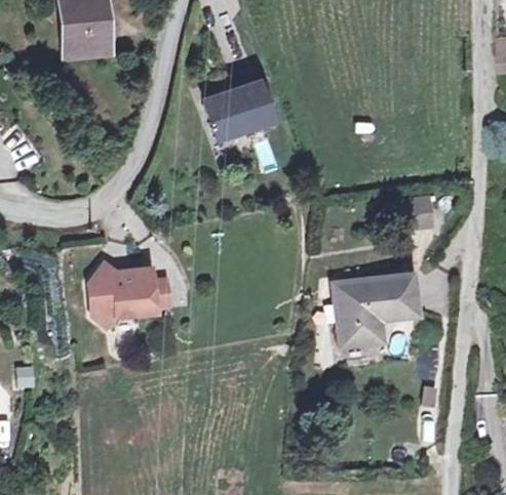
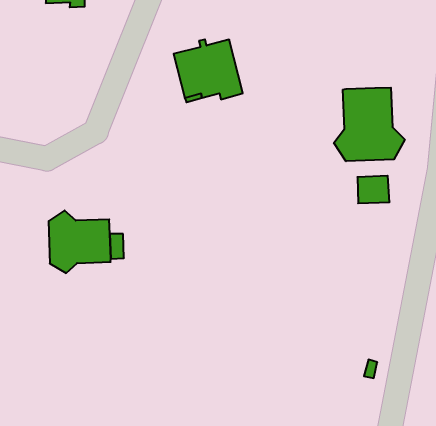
building: none -> [334,88,405,161]
building: [336,276,418,346] -> none

